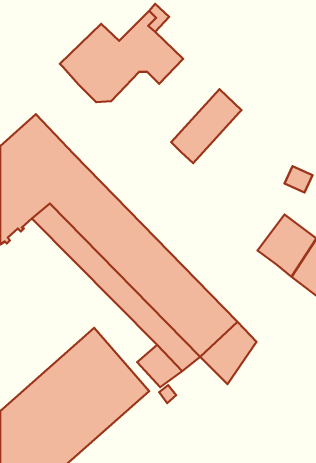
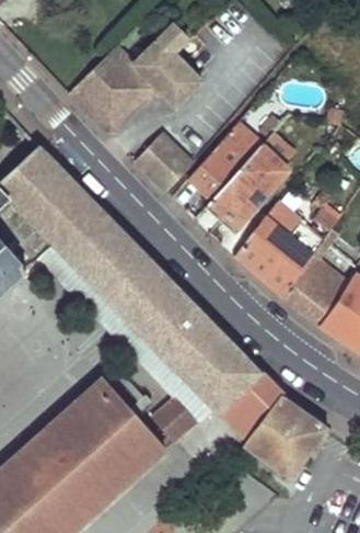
building: none -> [211,126,300,224]
building: none -> [136,132,193,190]
building: none -> [237,200,325,294]
building: none -> [246,394,328,479]

